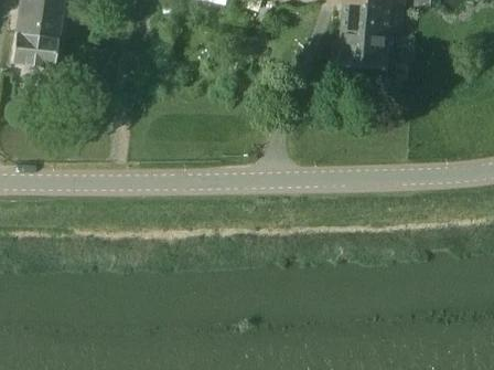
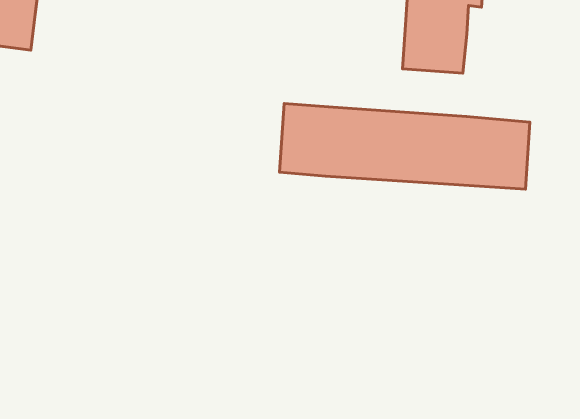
building: none -> [280,104,530,189]

